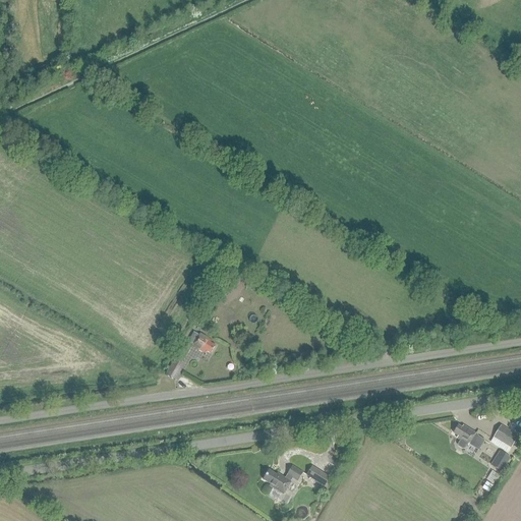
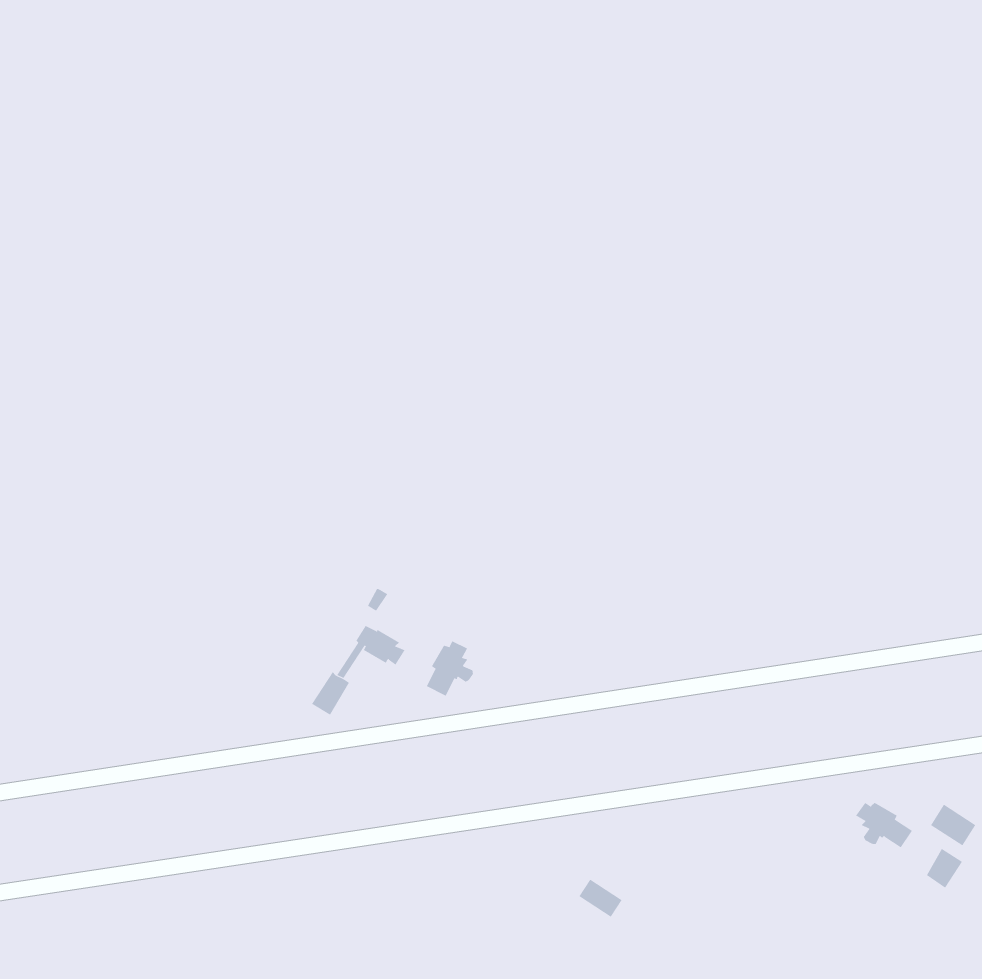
building: none -> [426,641,473,697]
building: [263,465,302,494] -> none

